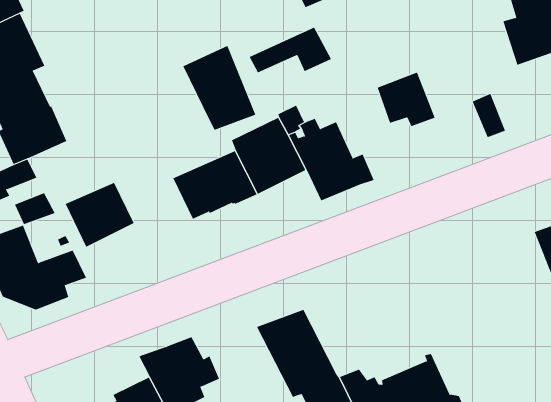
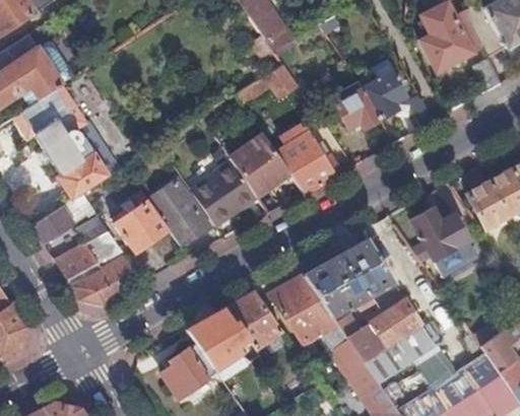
building: [183,45,256,131] -> [149,181,209,246]
building: none -> [363,71,405,119]
building: none -> [411,207,468,262]
building: none -> [304,238,393,320]
building: none -> [223,291,281,347]

